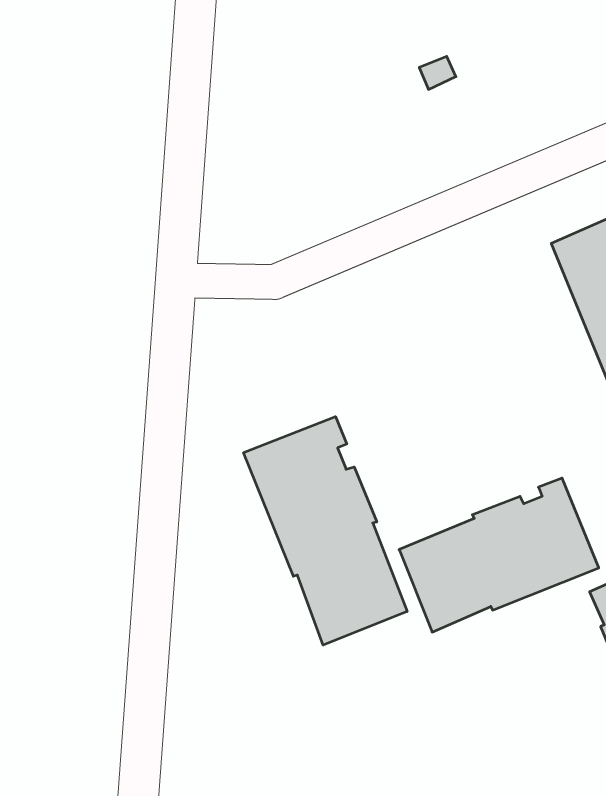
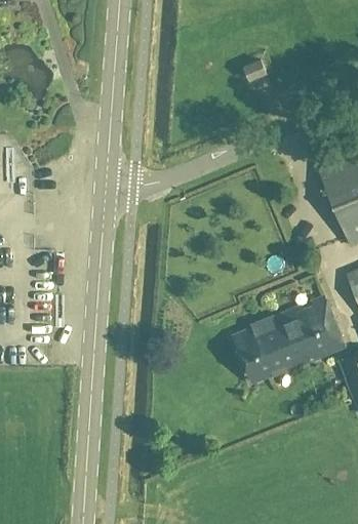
building: [244,417,407,645] -> none

